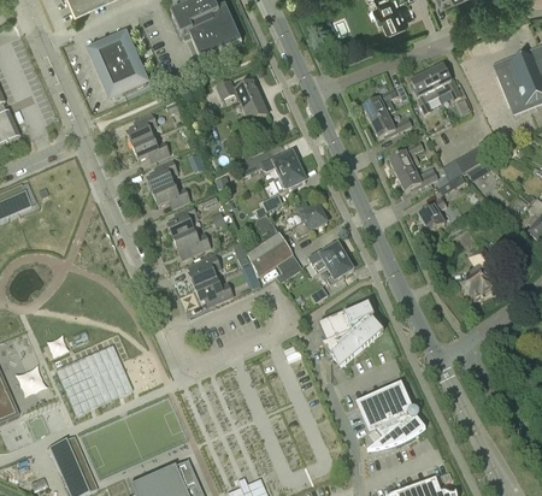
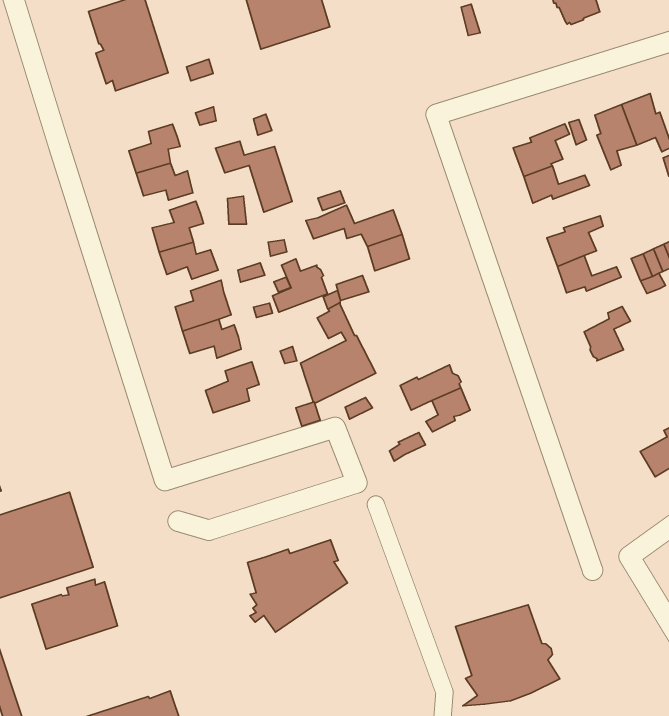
building: [217,79,267,122] -> [216,141,292,212]
building: [294,202,328,236] -> [273,259,328,312]
building: [195,277,234,301] -> none
building: [319,303,382,364] -> [248,540,347,632]
building: none -> [32,579,118,649]

